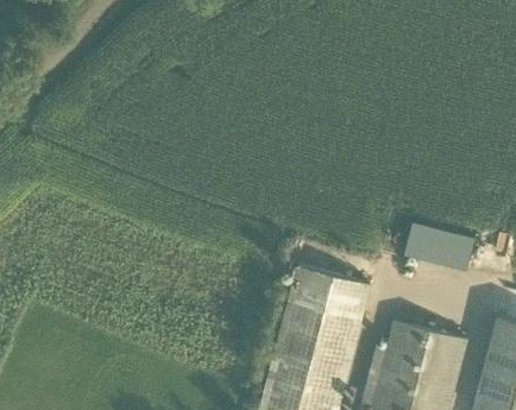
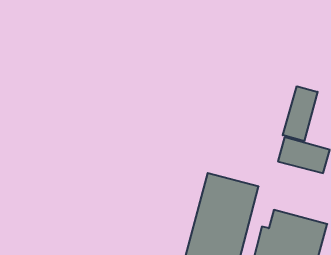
building: none -> [283,86,318,141]

